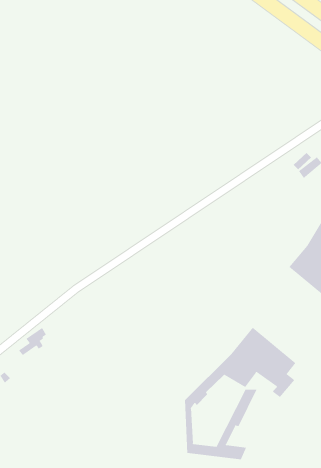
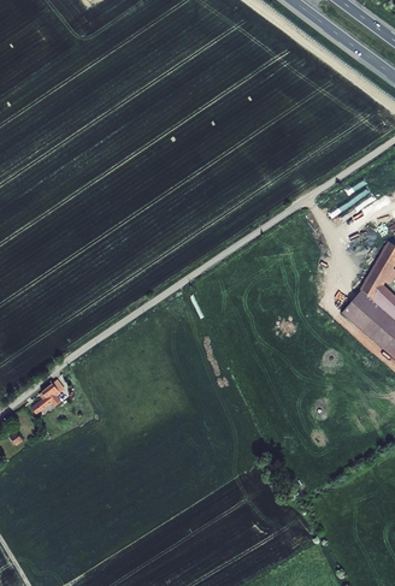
building: [185,327,296,460] -> none

